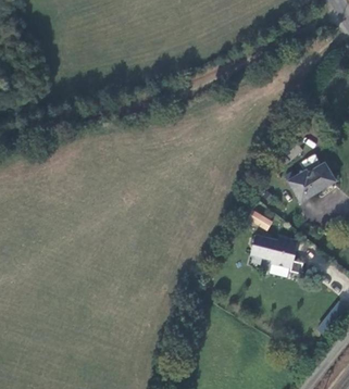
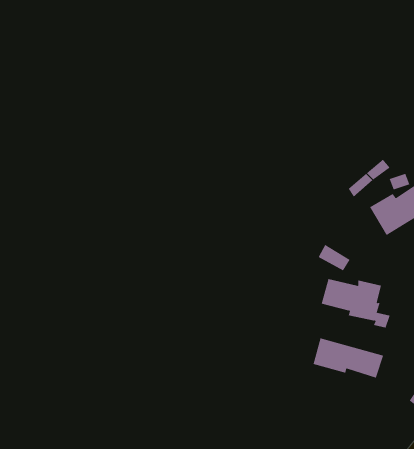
building: none -> [313,337,384,378]

